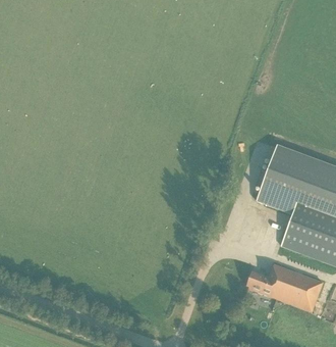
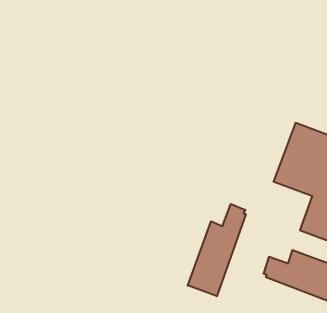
building: none -> [188,204,246,296]

